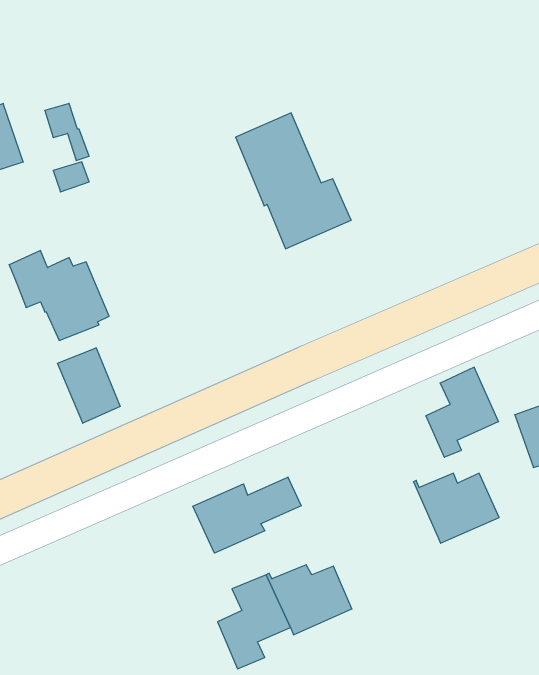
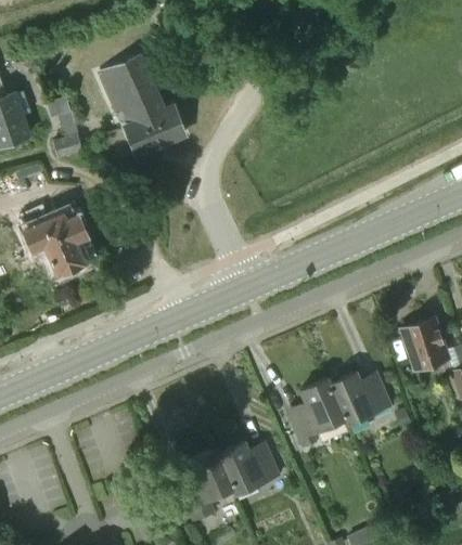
building: [236,113,351,249] -> [100,55,188,158]
building: [58,348,120,423] -> none
building: [426,367,499,457] -> [290,380,345,449]
building: [193,477,301,553] -> none

